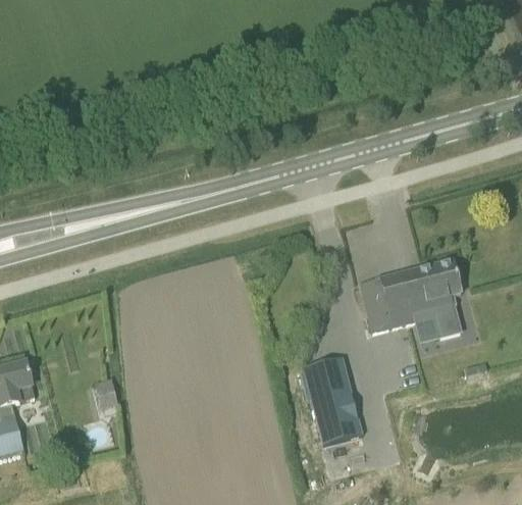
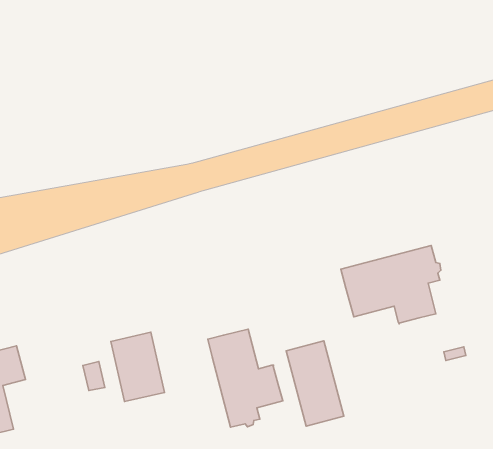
building: none -> [208,329,283,427]
building: none -> [111,332,165,402]

